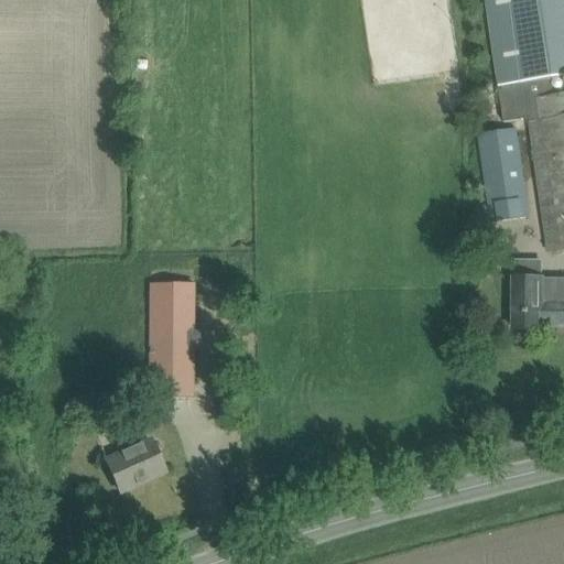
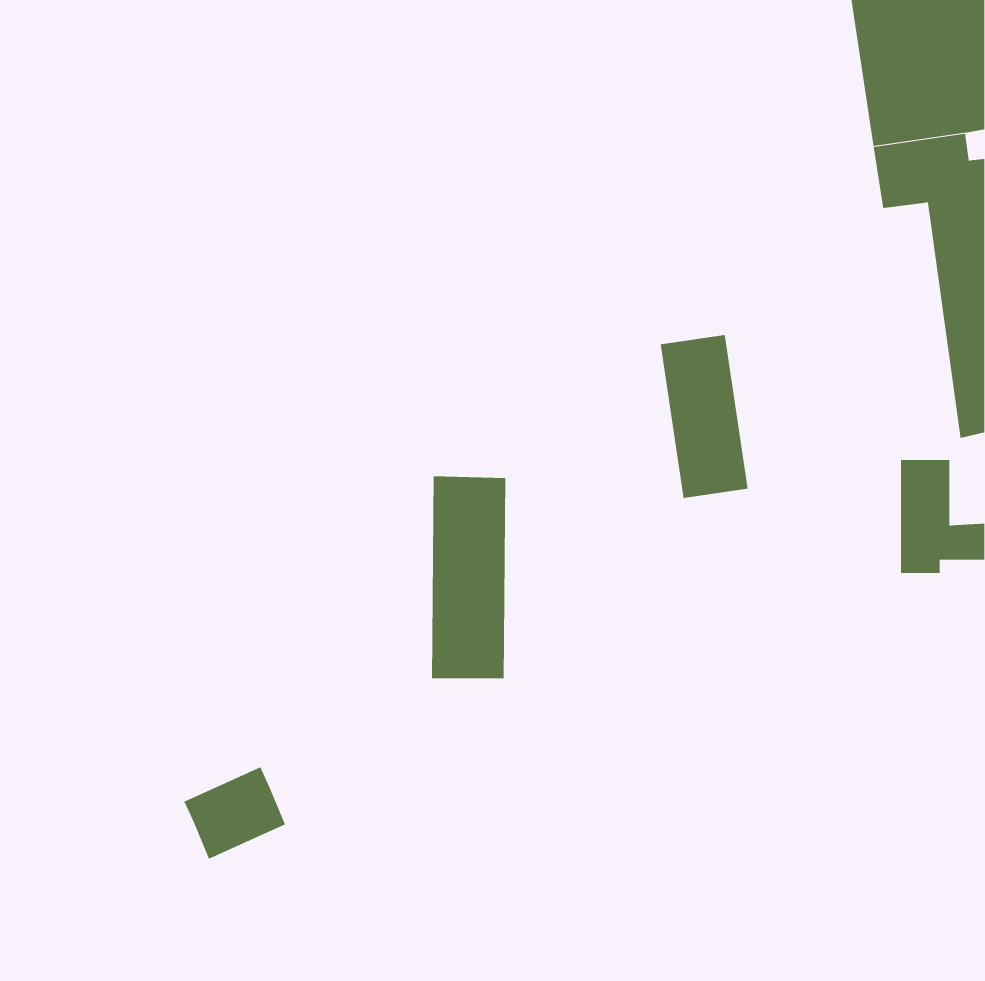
building: [478,126,529,219] -> [660,334,749,499]
building: [149,279,192,394] -> [431,476,506,679]

